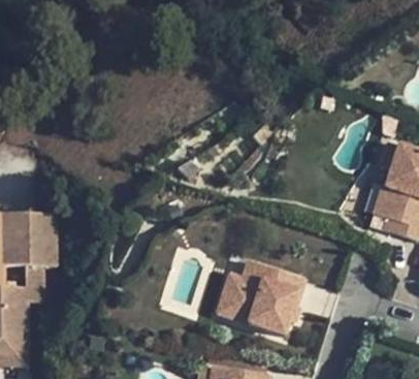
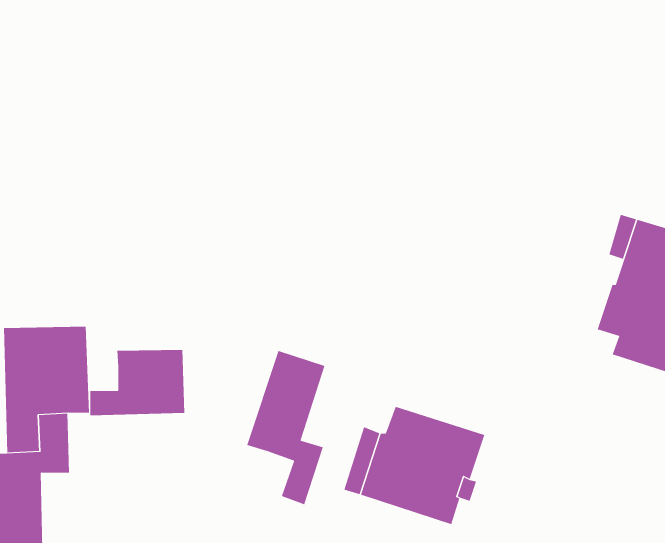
building: none -> [90,349,185,416]
building: none -> [247,350,325,505]

